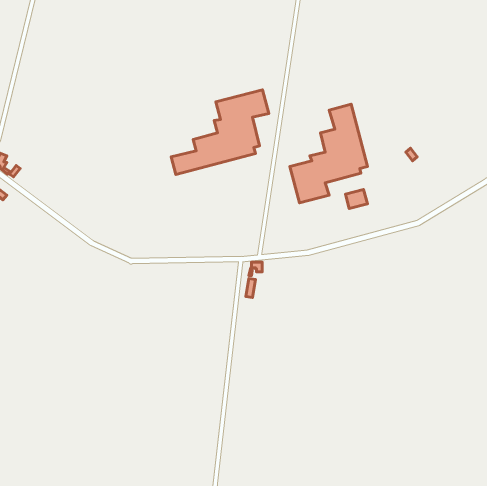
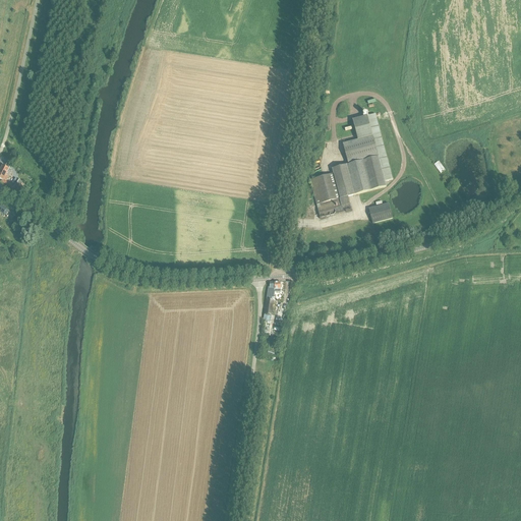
building: [171,90,269,174] -> none

